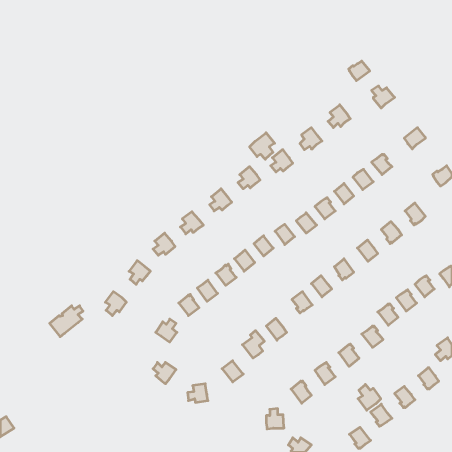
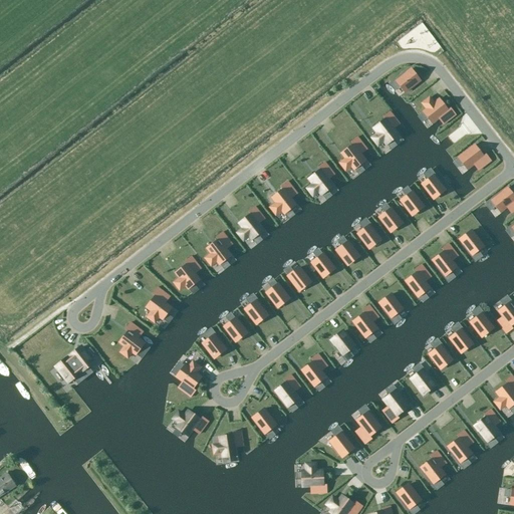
building: [250,133,275,159] -> none
building: [358,384,381,410] -> none

